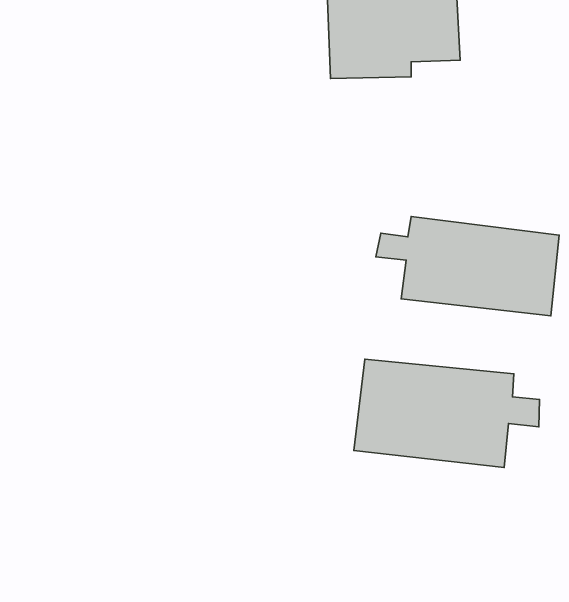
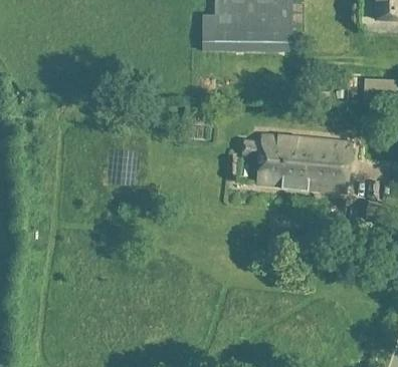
building: [354,359,540,468] -> none

